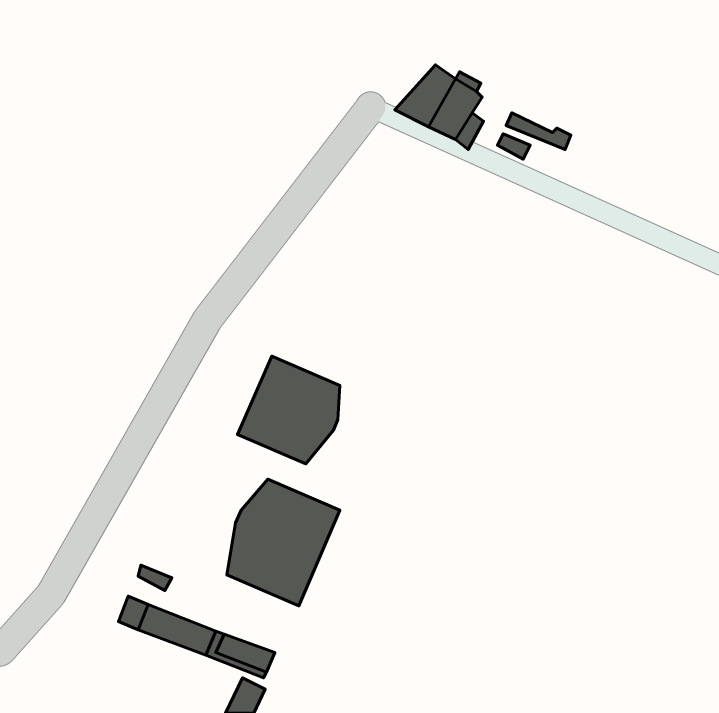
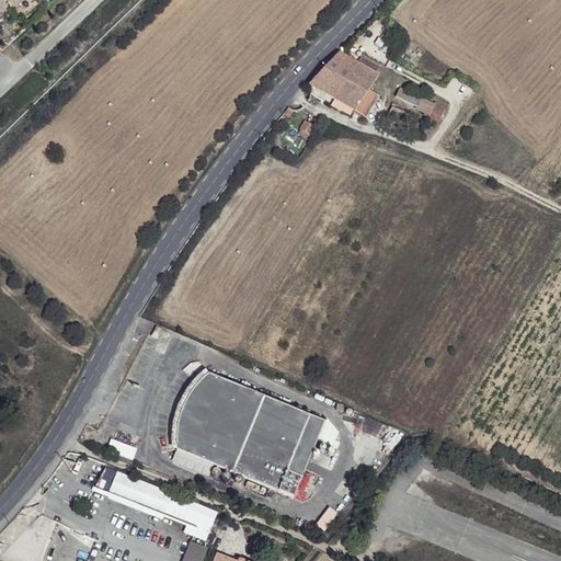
building: [238,356,340,464] -> none
building: none -> [233,397,325,499]

